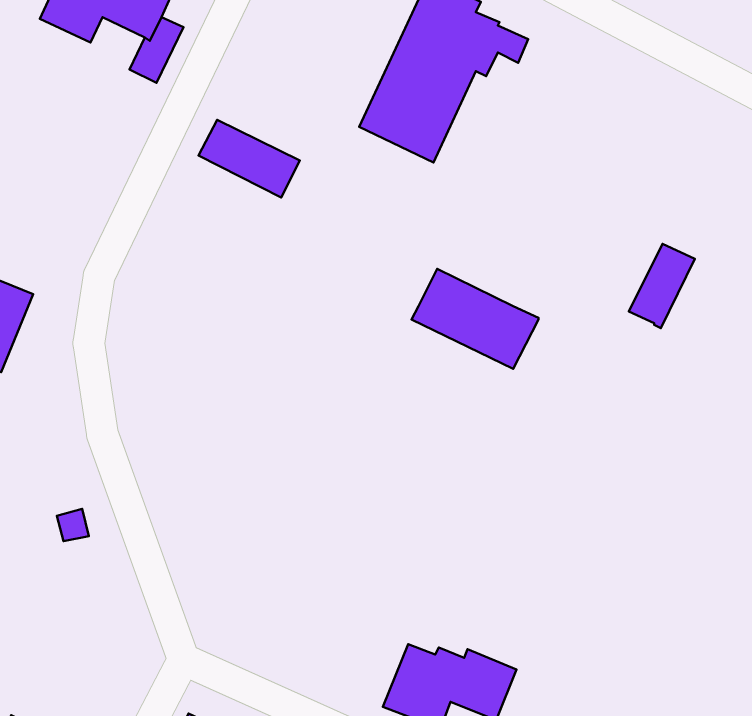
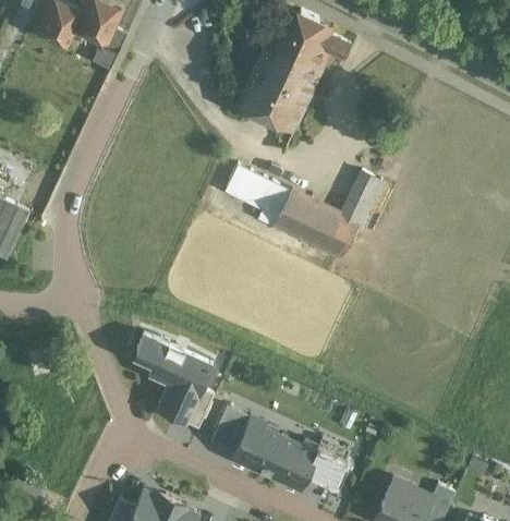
building: [198,120,300,198] -> [224,165,290,215]
building: [629,244,695,328] -> [339,171,381,226]
building: none -> [133,332,212,423]
building: none -> [202,402,271,473]

